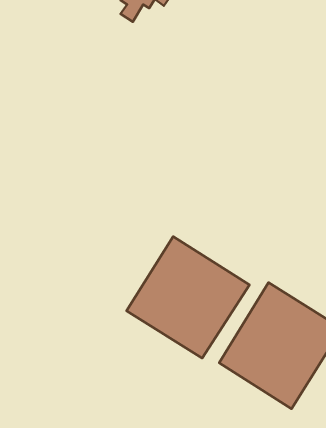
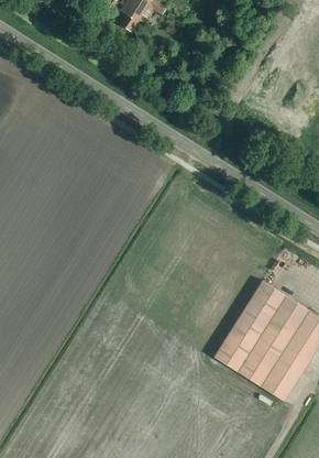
building: [126,237,250,358] -> none

